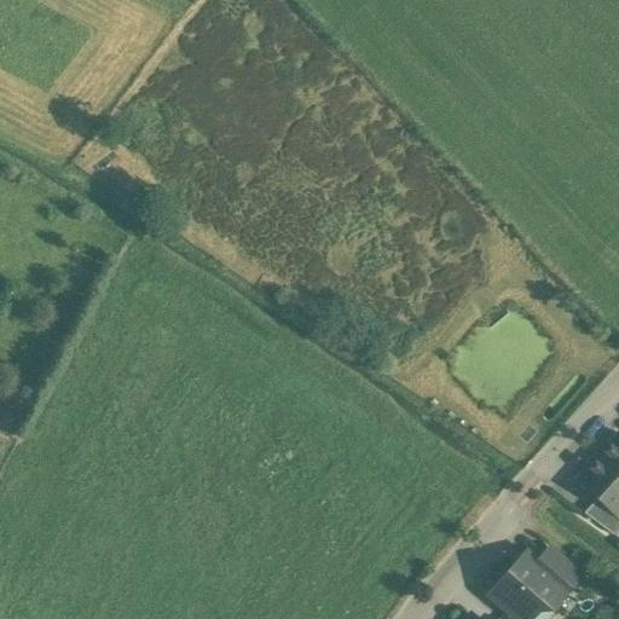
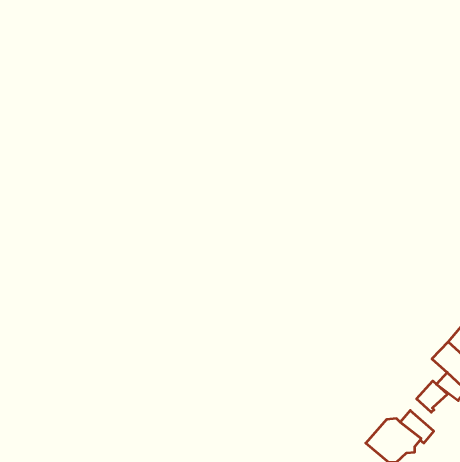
building: none -> [417,381,447,412]

